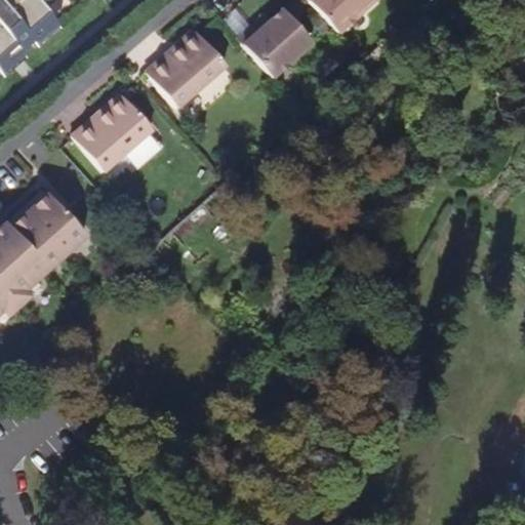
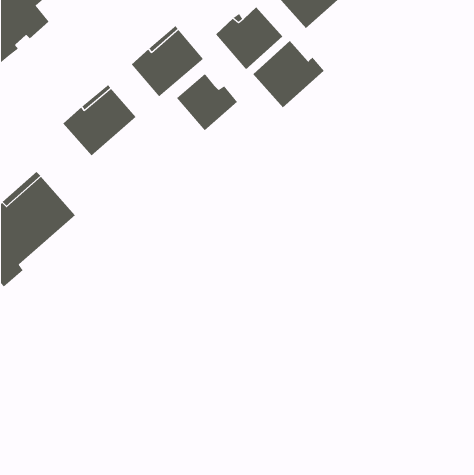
building: none -> [252,40,324,108]
building: none -> [176,73,238,131]

